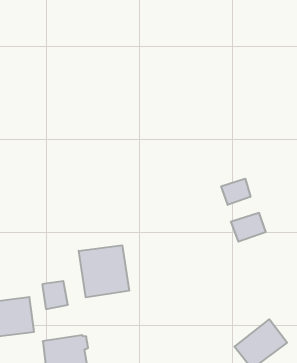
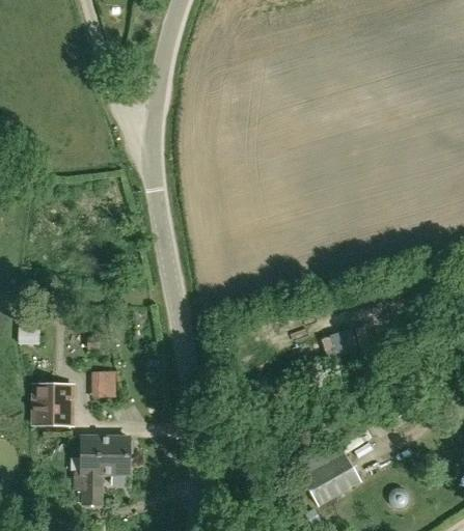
building: [221,179,250,205] -> none
building: [79,245,129,297] -> none

